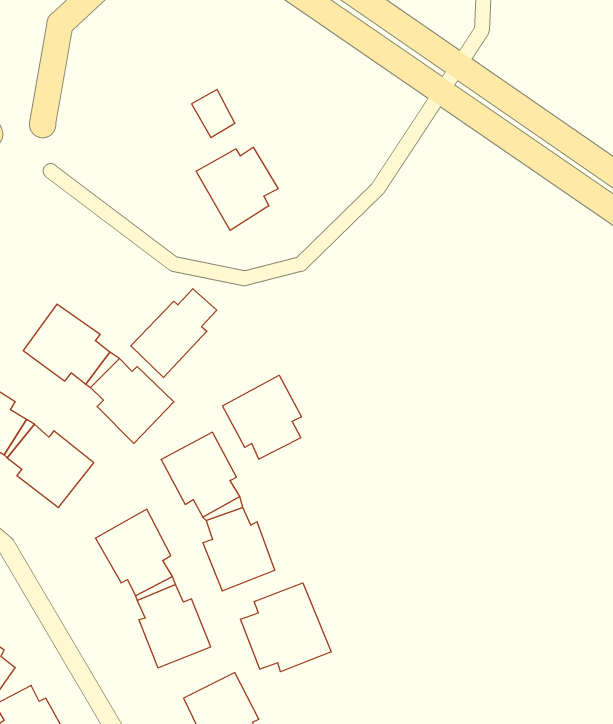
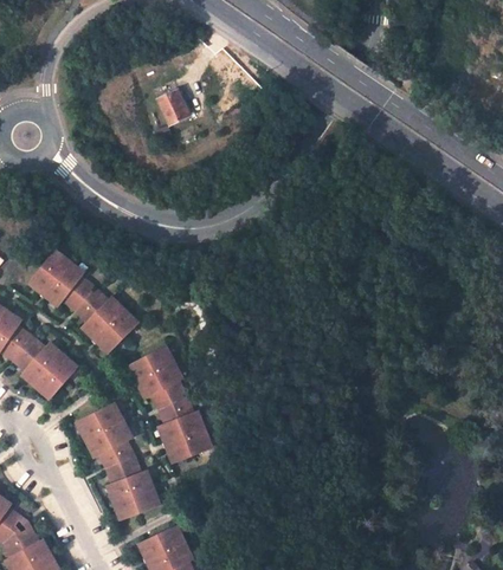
building: [196,147,278,230] -> none
building: [131,289,217,377] -> none
building: [223,375,301,459] -> none
building: [240,583,331,672] -> none

